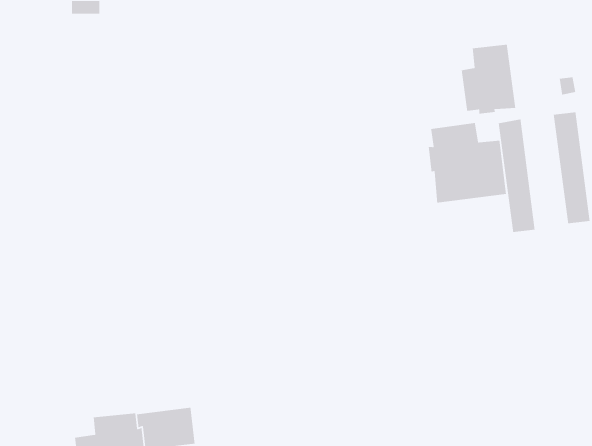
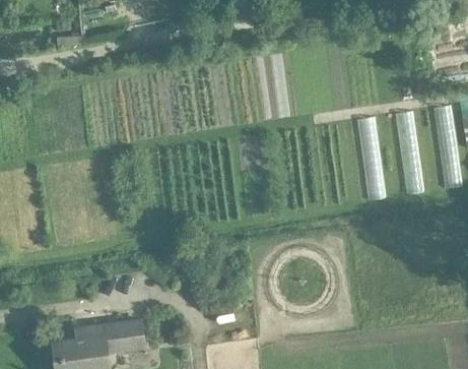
building: [461,44,516,115] -> none
building: [428,122,507,204] -> none

